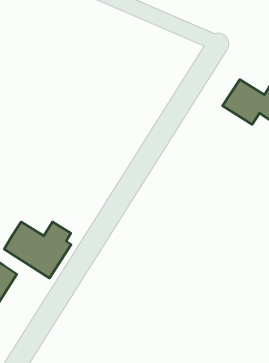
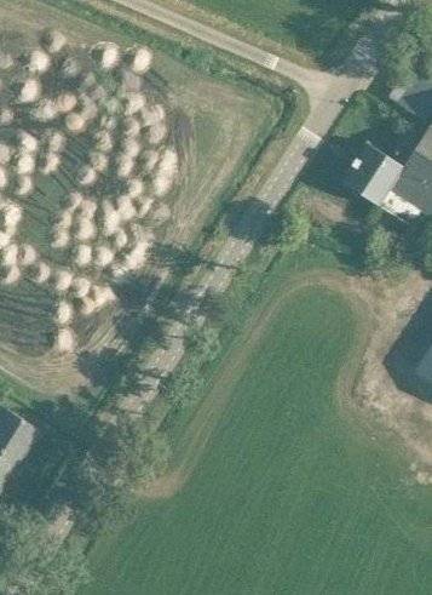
building: [4,222,71,278] -> none

